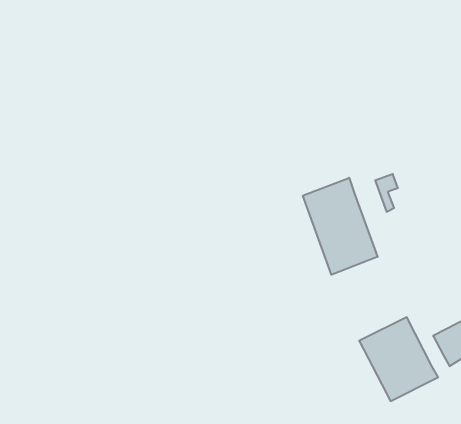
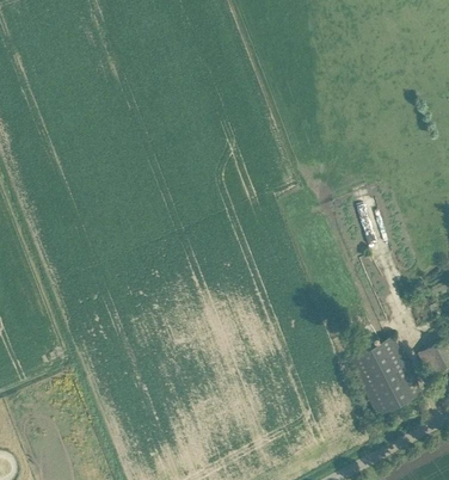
building: [303,178,378,275] -> none

